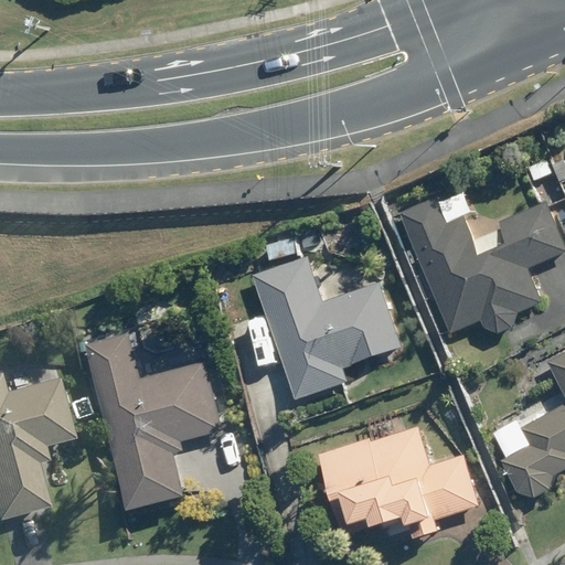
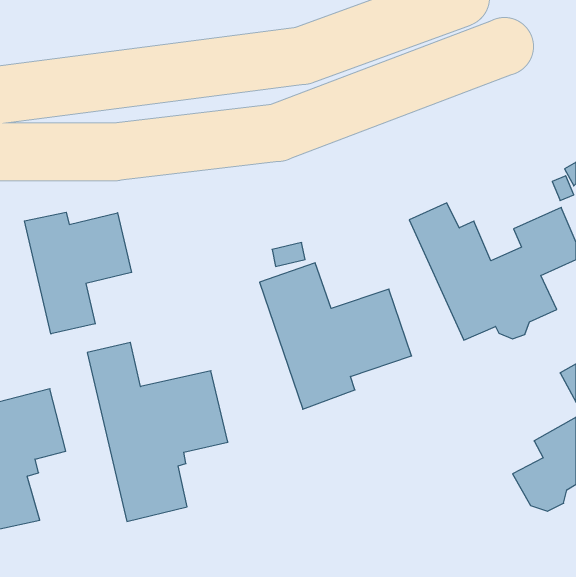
building: none -> [24,212,132,334]
building: [321,426,479,539] -> none

